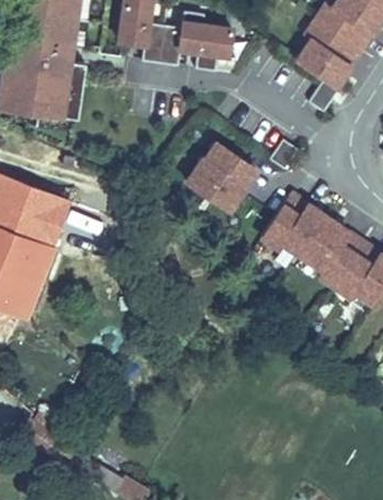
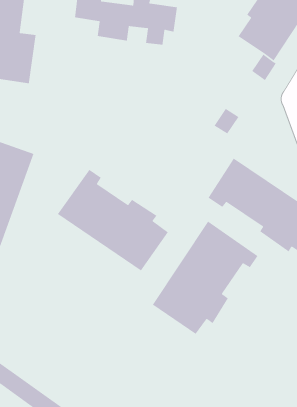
building: [189,146,251,214] -> none
building: none -> [57,169,169,272]
building: none -> [152,221,259,335]

